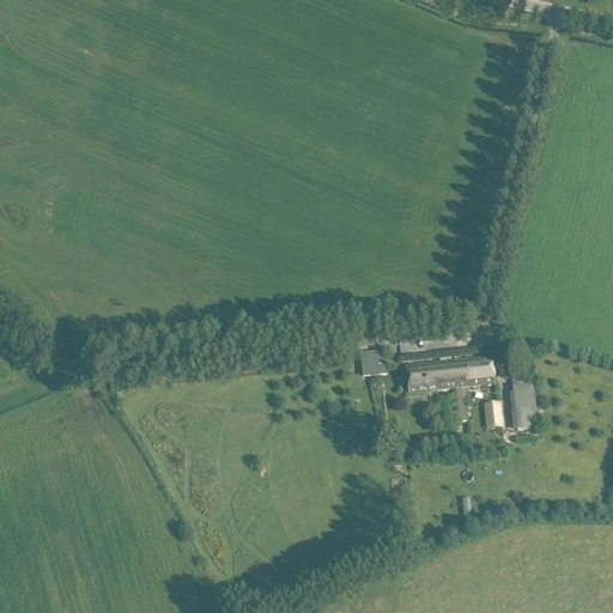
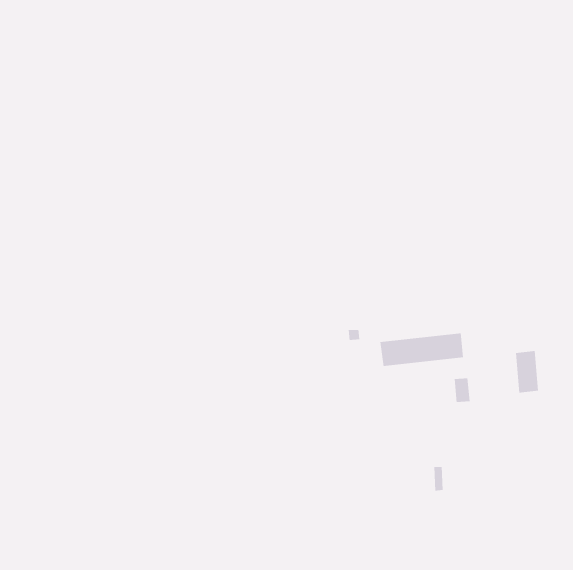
building: [511,384,536,430] -> [515,350,539,393]

